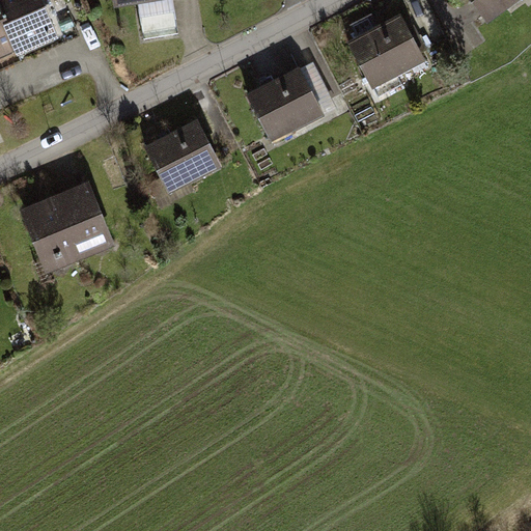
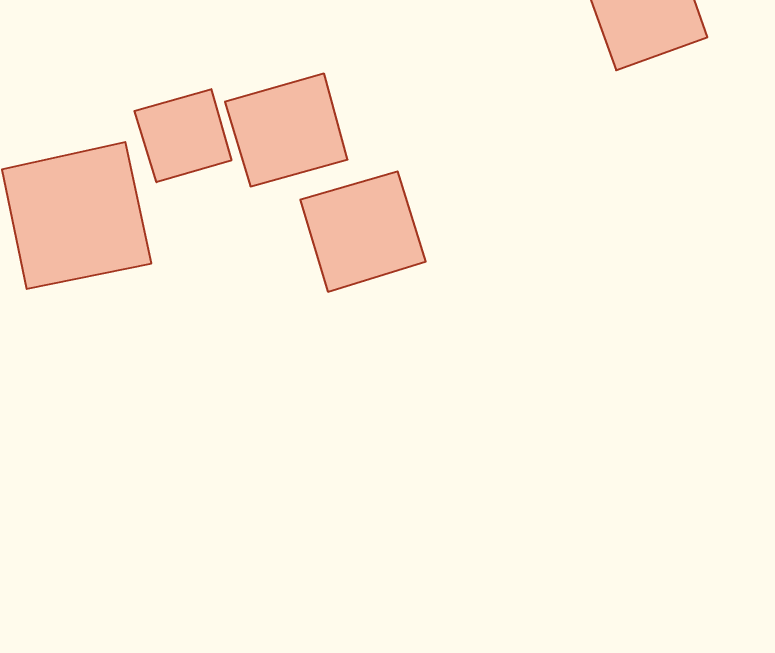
building: [243,64,324,143] -> [300,171,426,292]
building: none -> [134,89,231,182]

